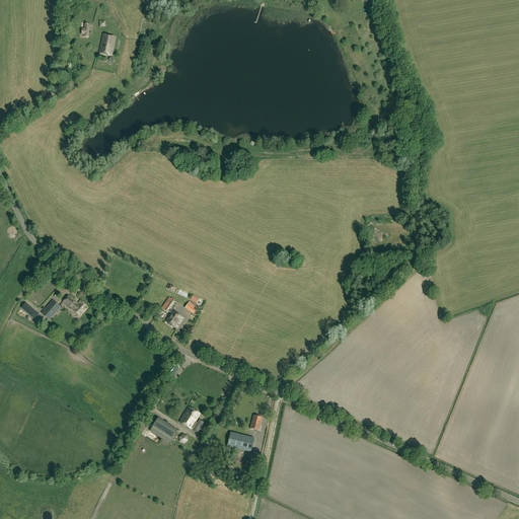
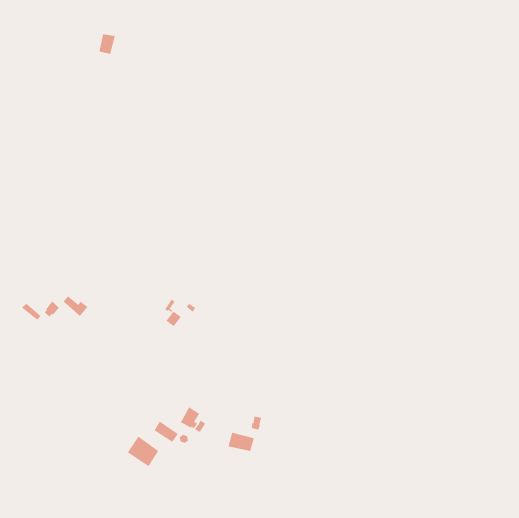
building: none -> [127,435,159,467]

